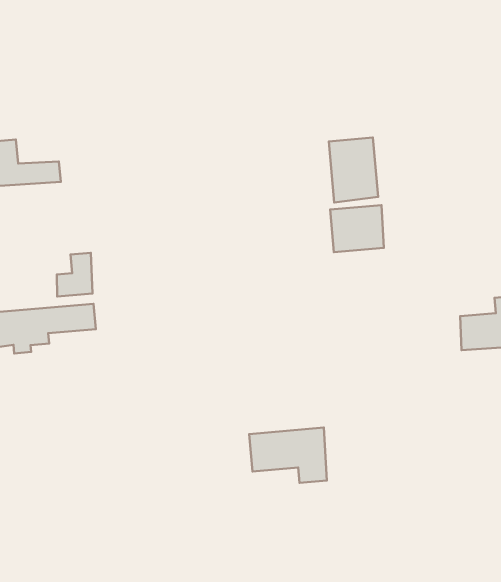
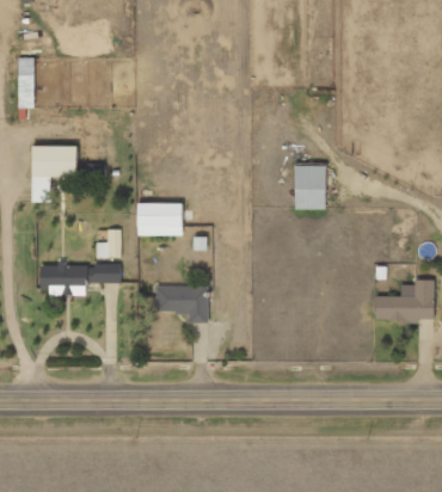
building: [330,205,384,252] -> none
building: none -> [136,203,182,236]
building: [249,428,327,483] -> [155,287,208,324]

